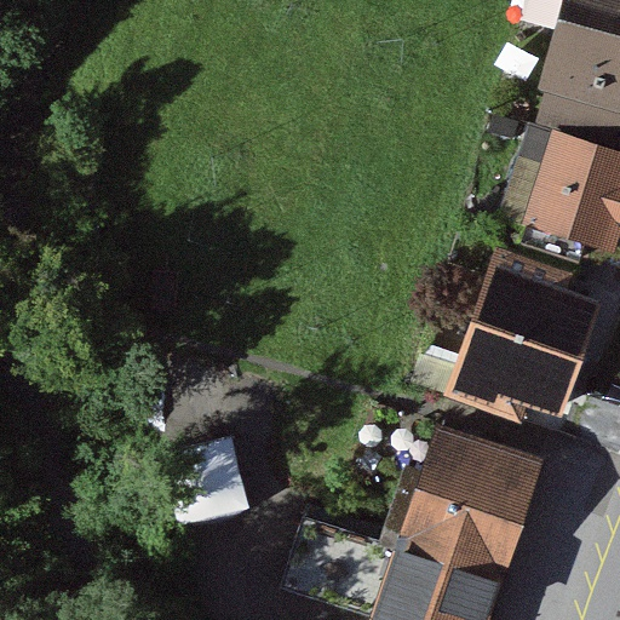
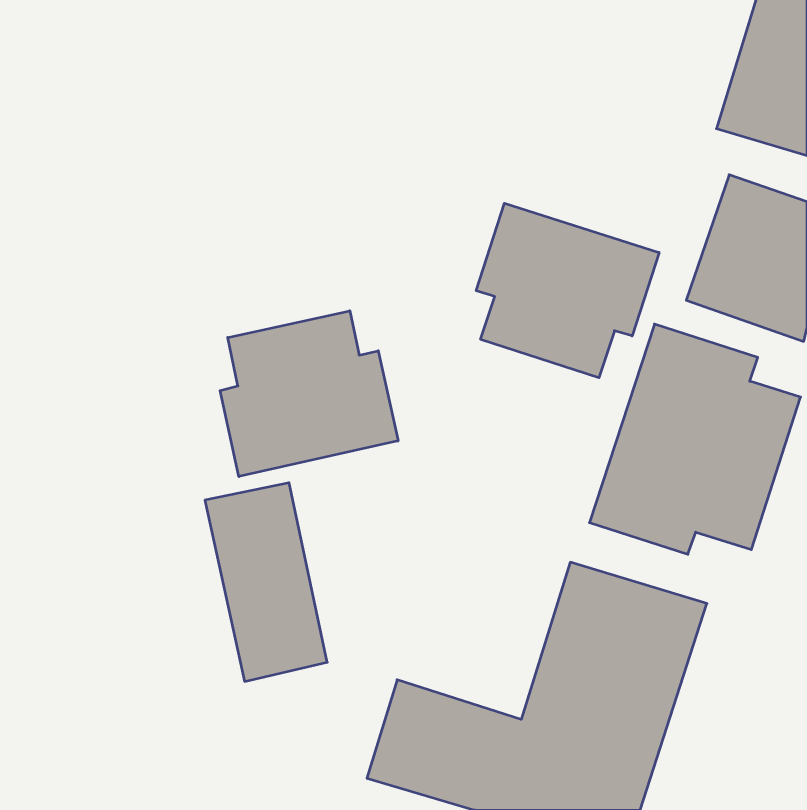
building: none -> [476,203,659,378]
building: none -> [220,311,398,477]

